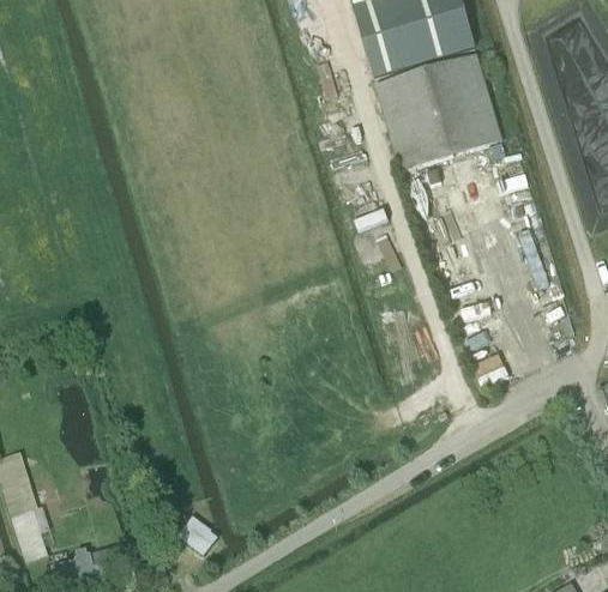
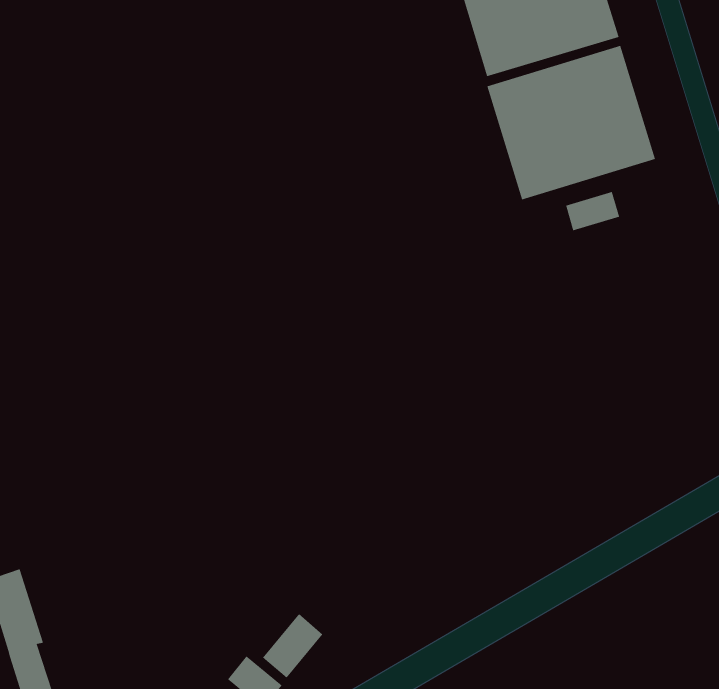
building: none -> [566,191,620,231]
building: none -> [262,613,323,679]

